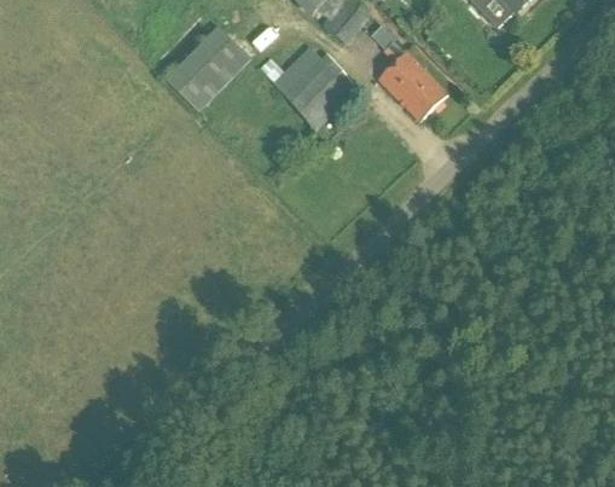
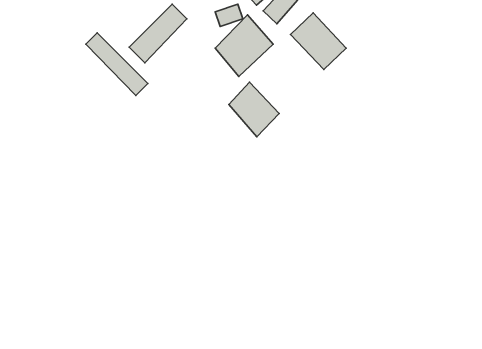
building: none -> [86,33,148,95]
building: none -> [229,82,279,137]

